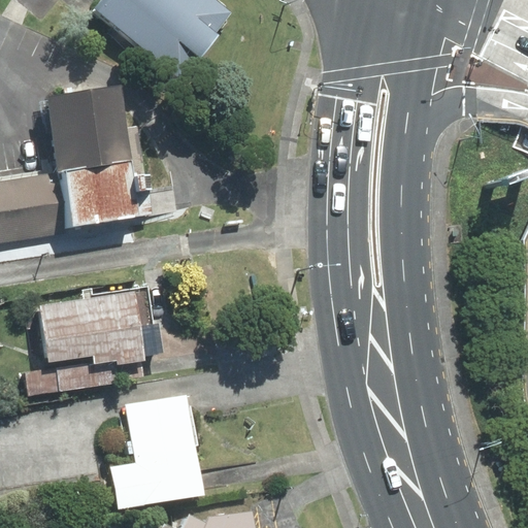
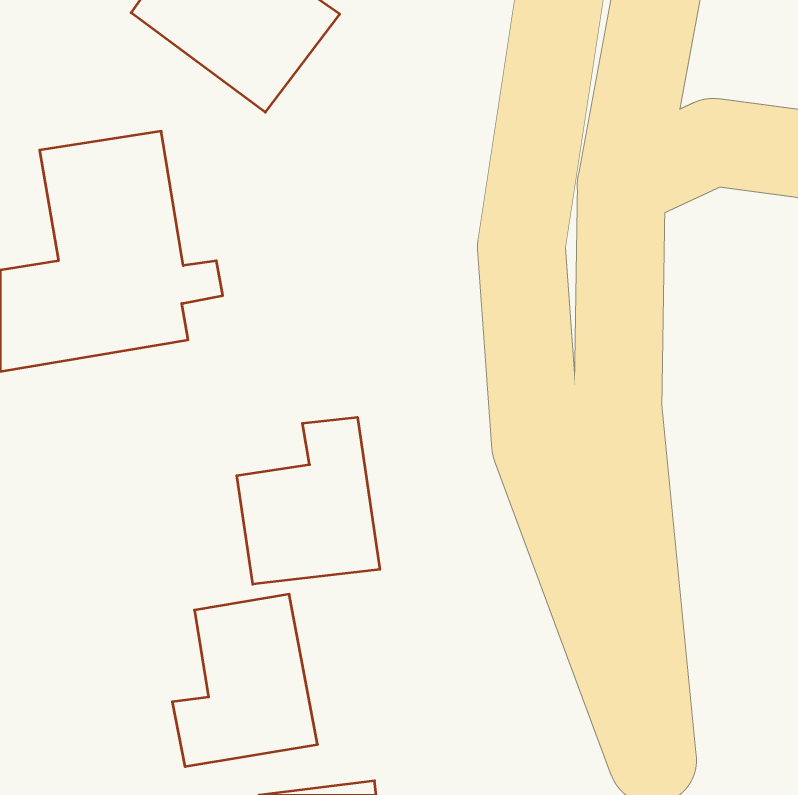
building: none -> [237,417,380,584]
building: [20,293,159,396] -> none

